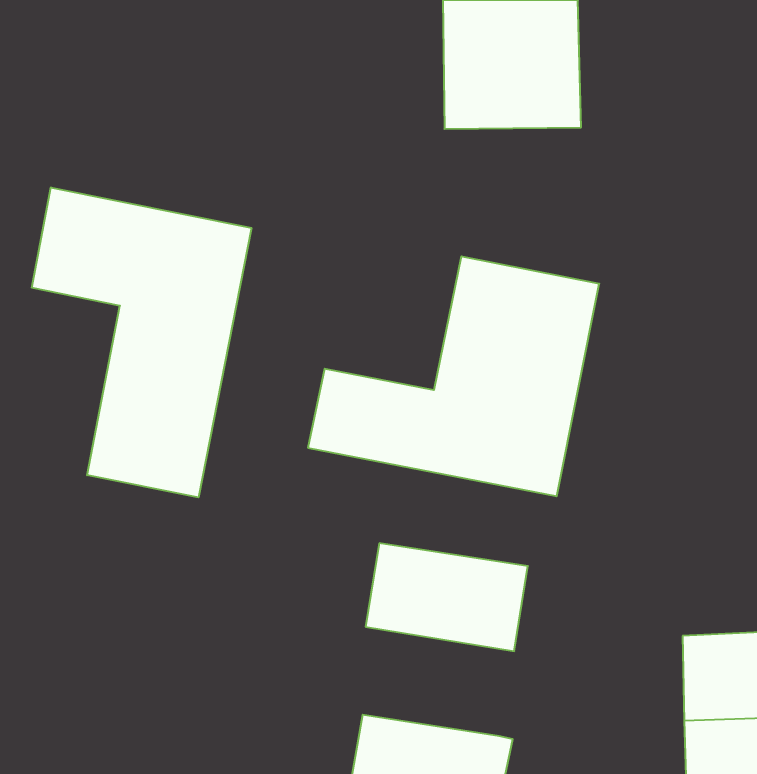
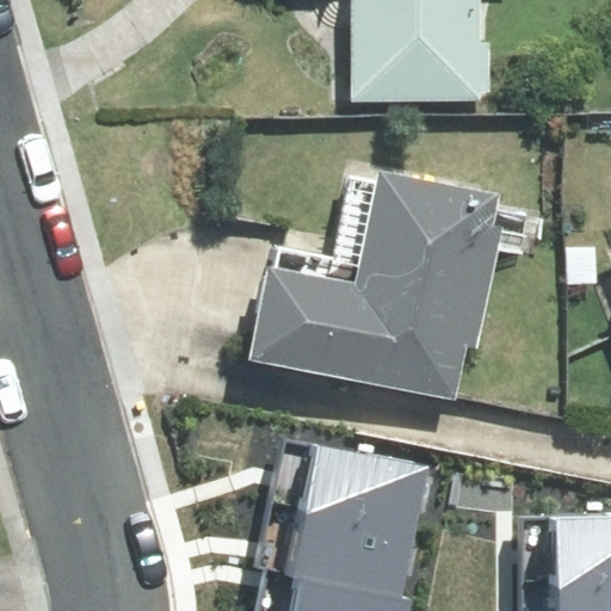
building: [32,187,251,497] -> none
building: none -> [290,494,419,580]

